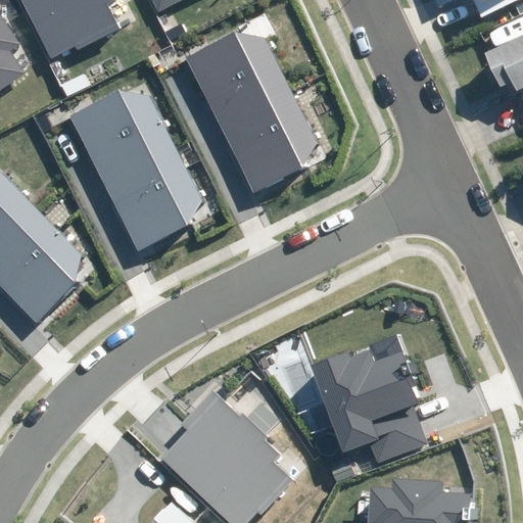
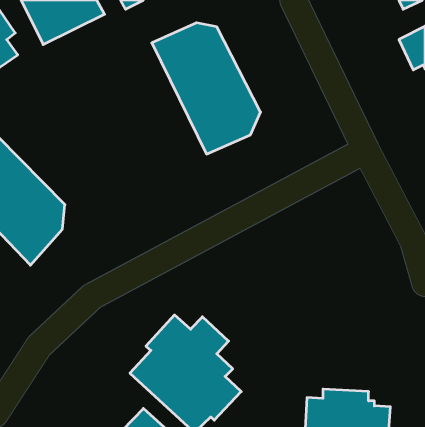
building: [67,90,201,252] -> none
building: [314,348,428,462] -> none

